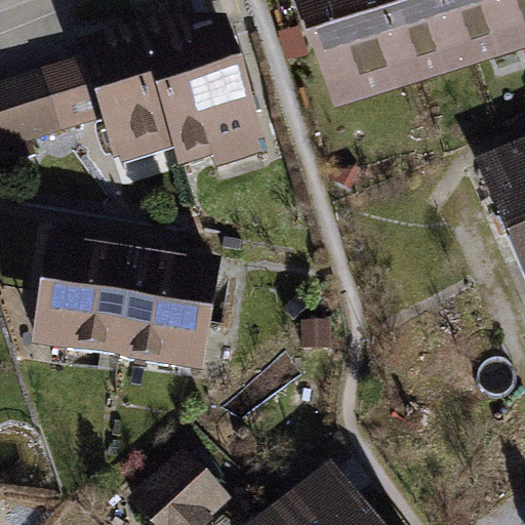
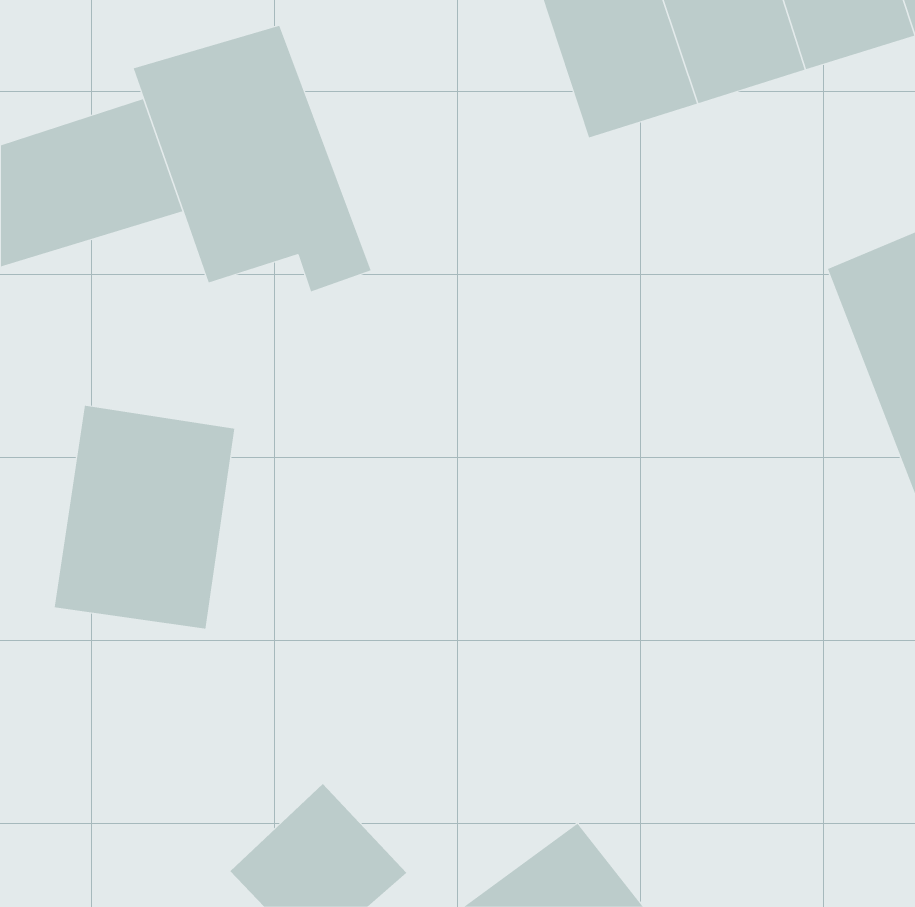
building: [161,14,264,168] -> none
building: [119,245,221,372] -> none

